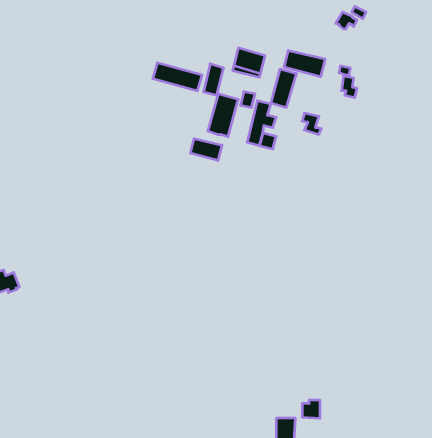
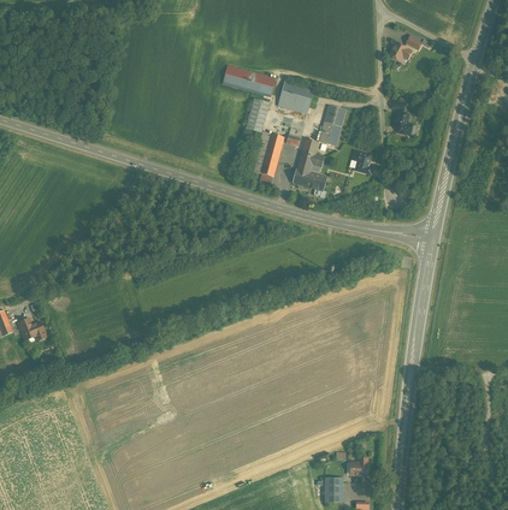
building: [284,50,325,77] -> none
building: [153,63,202,91] -> [223,65,276,95]
building: [191,139,222,161] -> none

